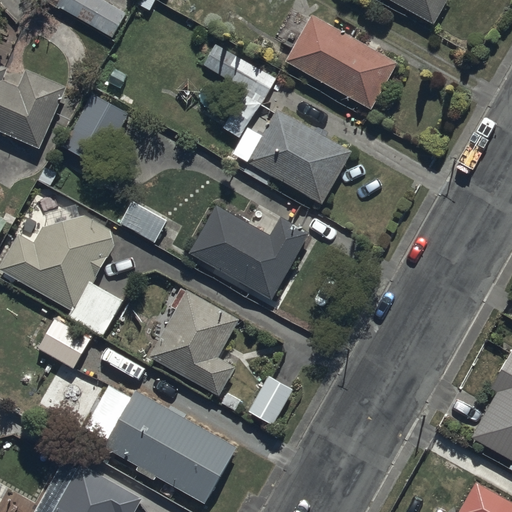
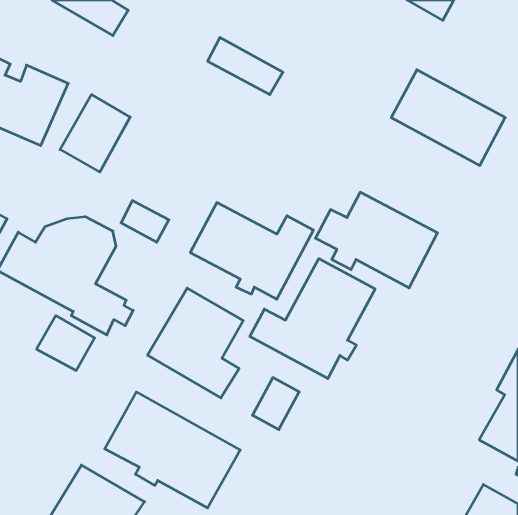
building: [286,15,398,109] -> [391,70,505,165]
building: [232,110,352,204] -> [315,192,438,288]
building: none -> [250,259,375,379]

